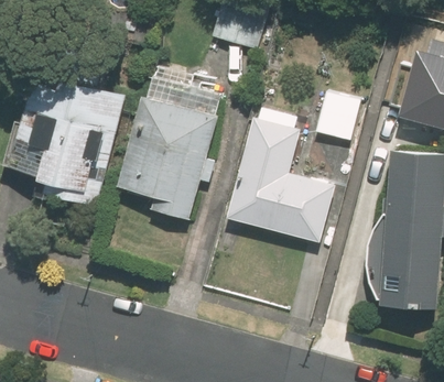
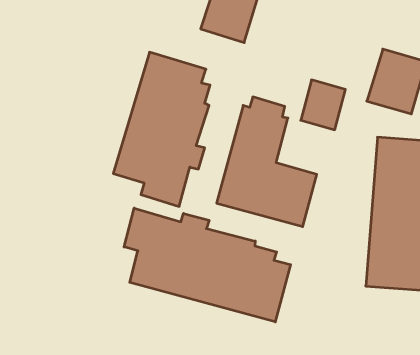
building: [7,77,127,207] -> none
building: none -> [124,208,291,322]

